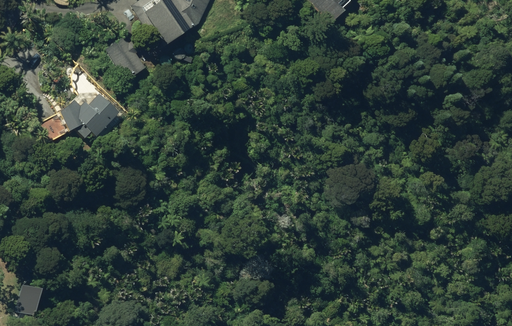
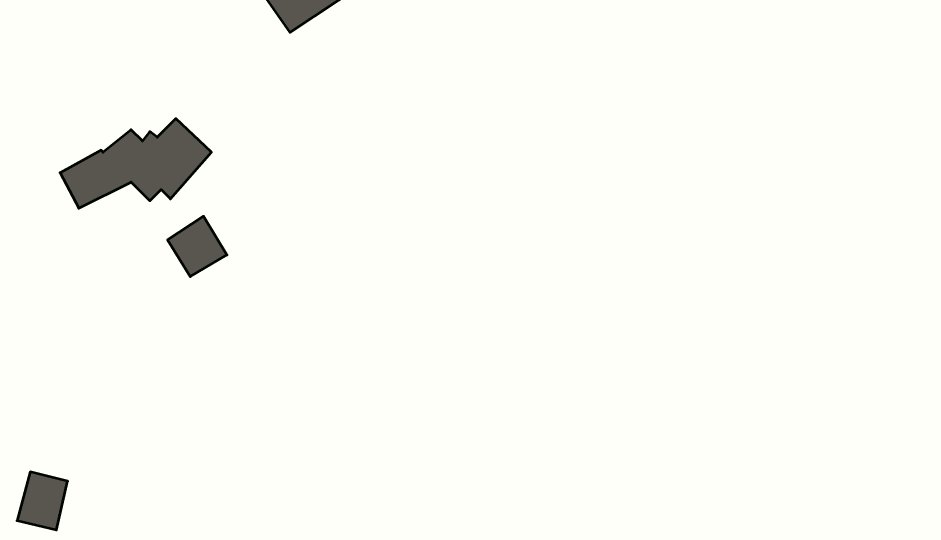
building: [107,35,147,79] -> none
building: none -> [168,216,227,277]

